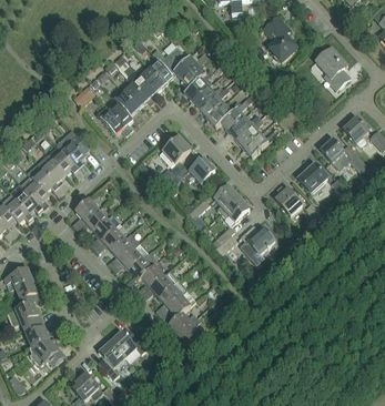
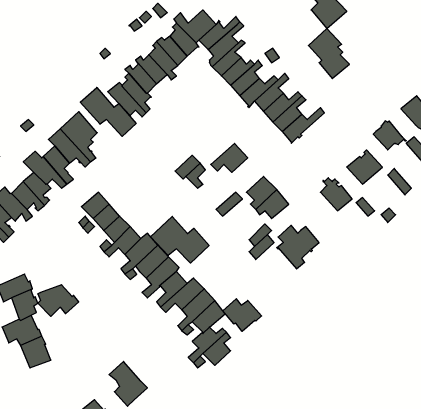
building: [315,47,349,89] -> [308,28,349,79]
building: none -> [80,87,136,136]
building: [159,135,190,166] -> none
building: none -> [150,216,209,263]
building: none -> [223,299,262,331]
building: [110,331,146,357] -> none
building: [29,339,63,366] -> [38,285,79,316]

